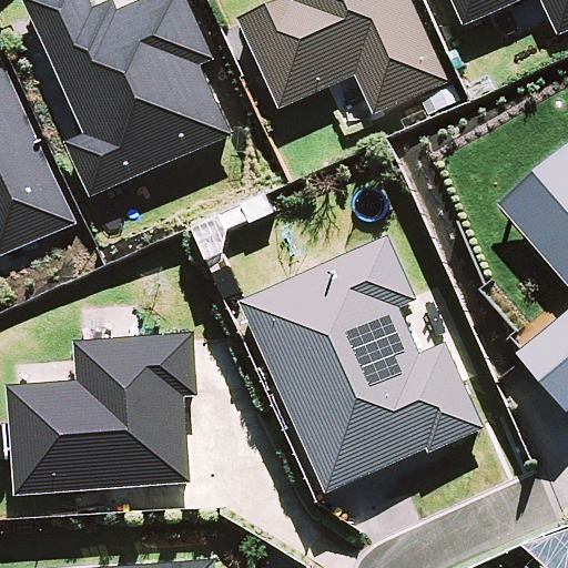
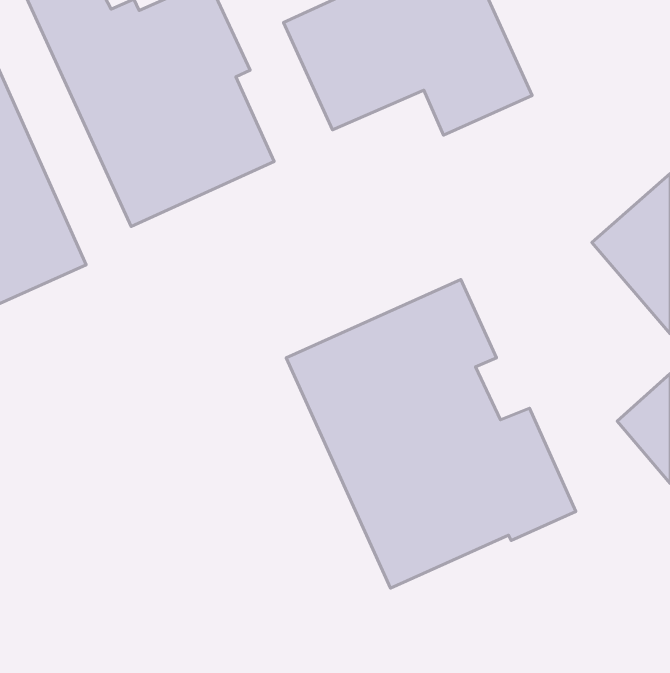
building: [9,333,195,495] -> none

